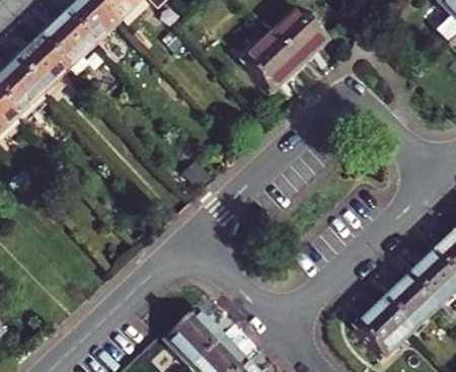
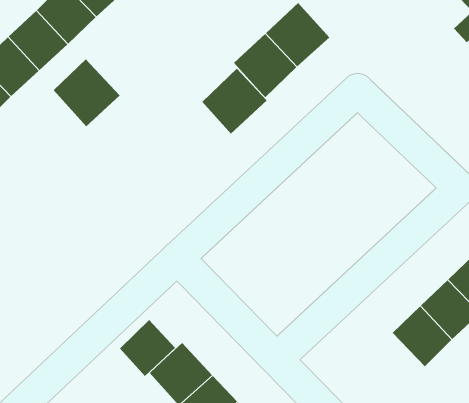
building: none -> [53,58,121,127]
building: none -> [202,68,267,134]
building: none -> [119,319,176,377]
building: [352,301,409,358] -> none

